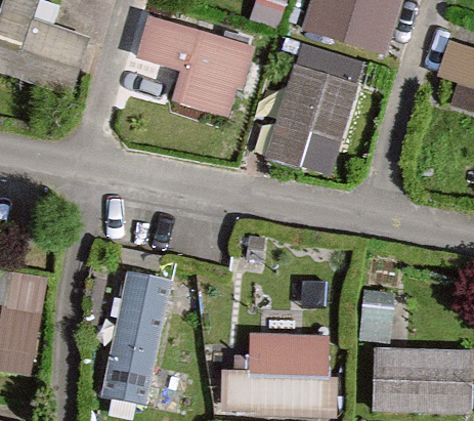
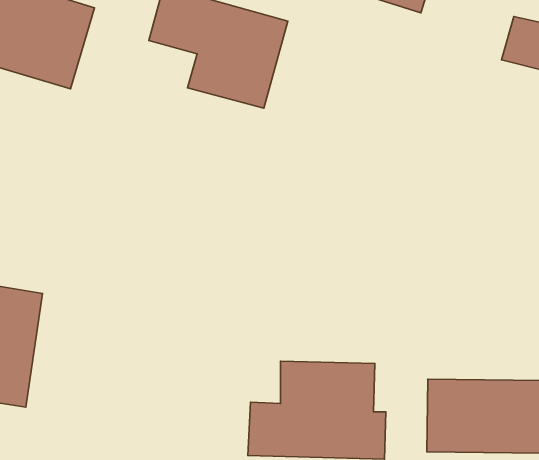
building: [265,64,360,175] -> none
building: [101,270,171,405] -> none

